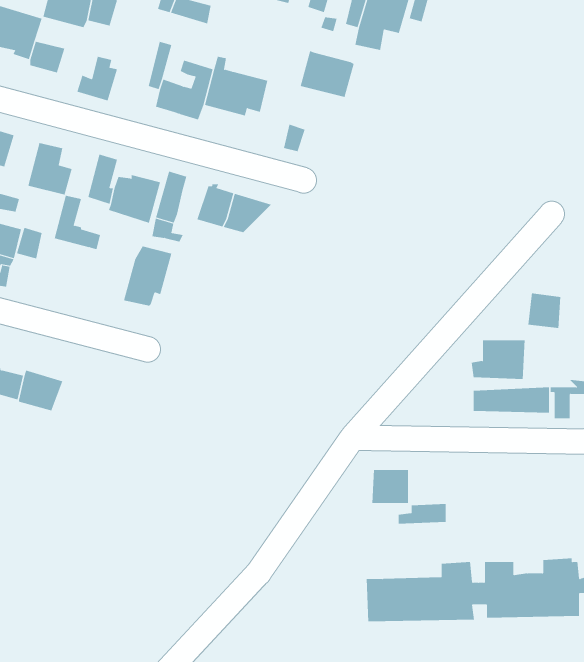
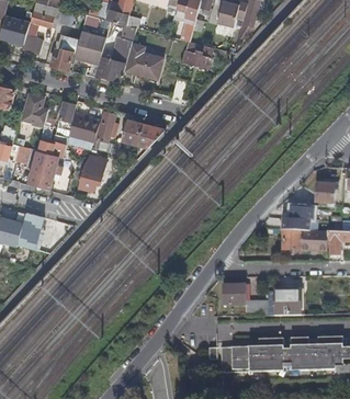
building: none -> [74,31,98,61]
building: none -> [27,150,57,187]
building: none -> [272,290,300,316]

